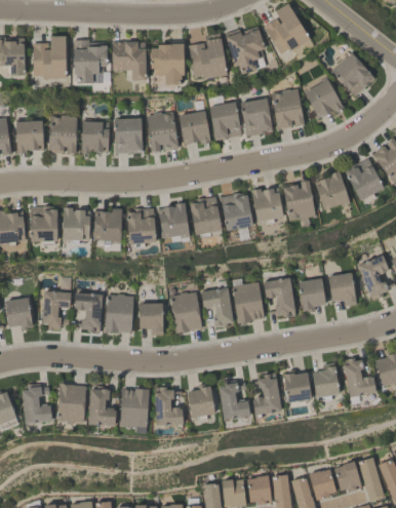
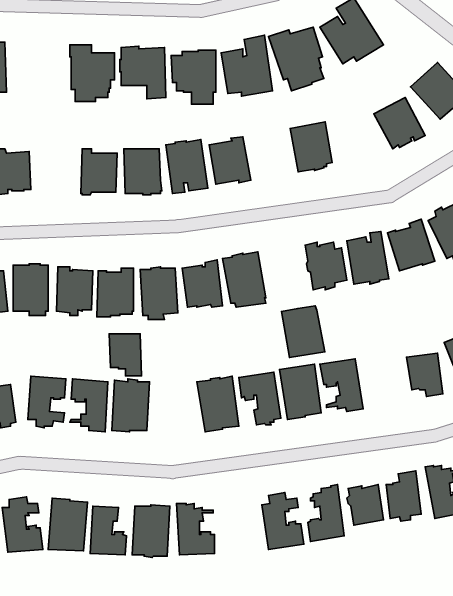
building: [33,36,66,78] -> none
building: [271,87,305,128] -> none
building: [209,102,241,140] -> none
building: [48,114,76,152] -> none
building: [221,192,253,231] -> [282,306,325,357]
building: [299,278,325,312] -> none
building: [138,303,163,335] -> [109,334,142,376]
building: [188,383,215,419] -> none

